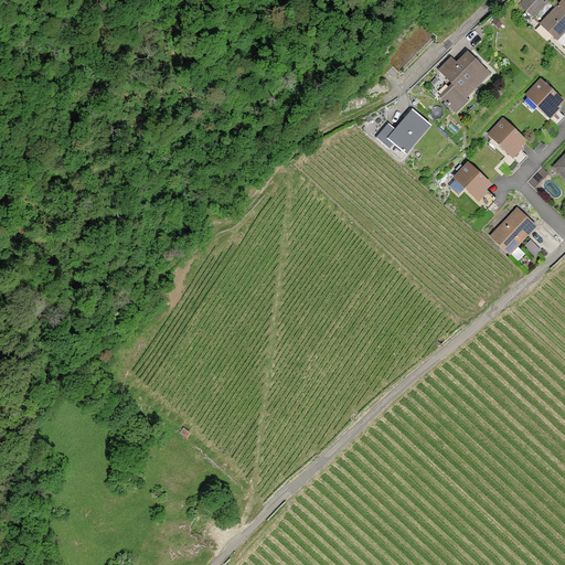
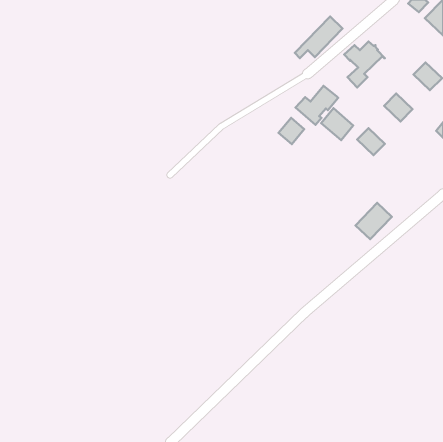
building: none -> [321,108,353,140]
building: none -> [279,118,304,144]
building: [490,207,536,254] -> [355,203,392,239]

